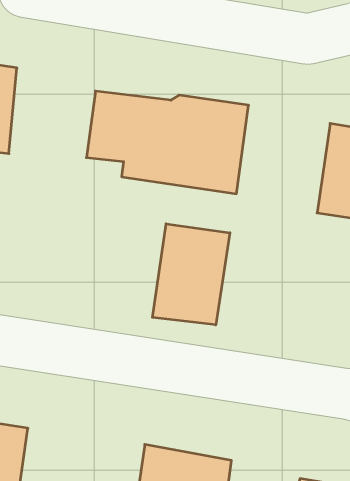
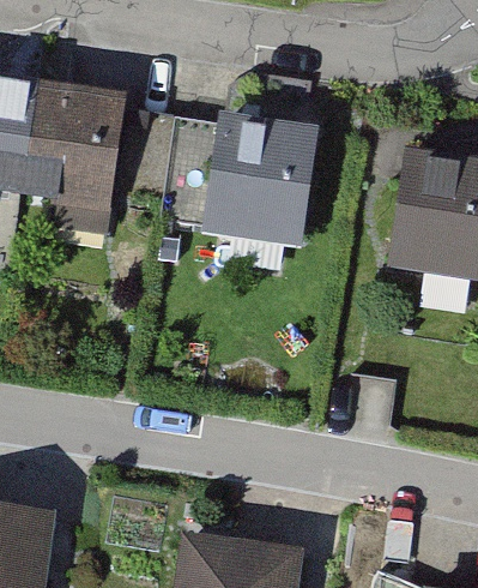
building: none -> [28,89,122,233]
building: [152,224,230,325] -> none

